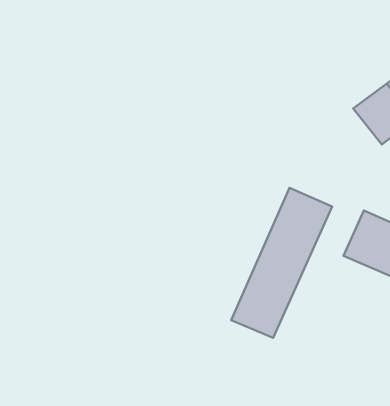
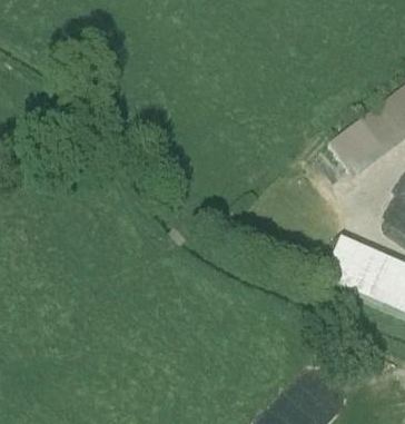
building: [231,188,332,338] -> none

